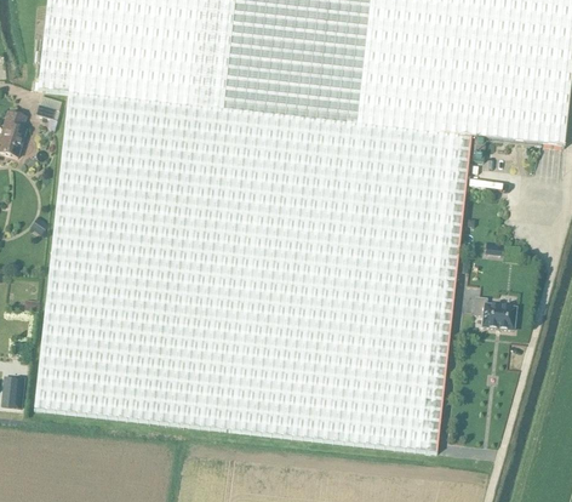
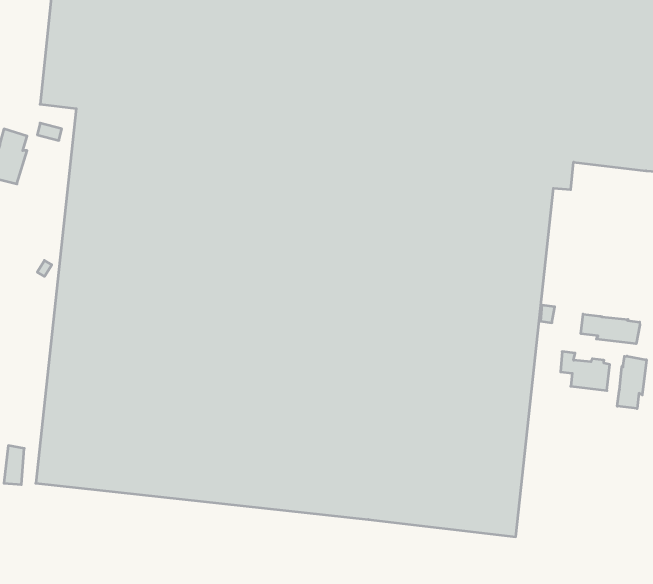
building: none -> [581,314,640,344]
building: none -> [617,356,646,409]

